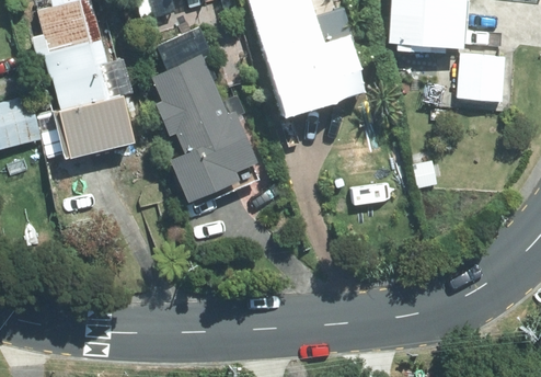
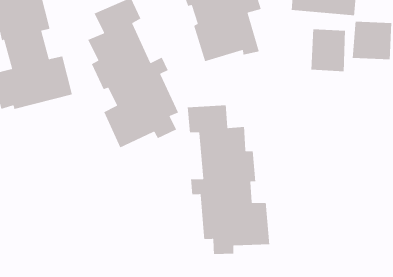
building: none -> [311,29,346,72]
building: none -> [187,104,270,255]

